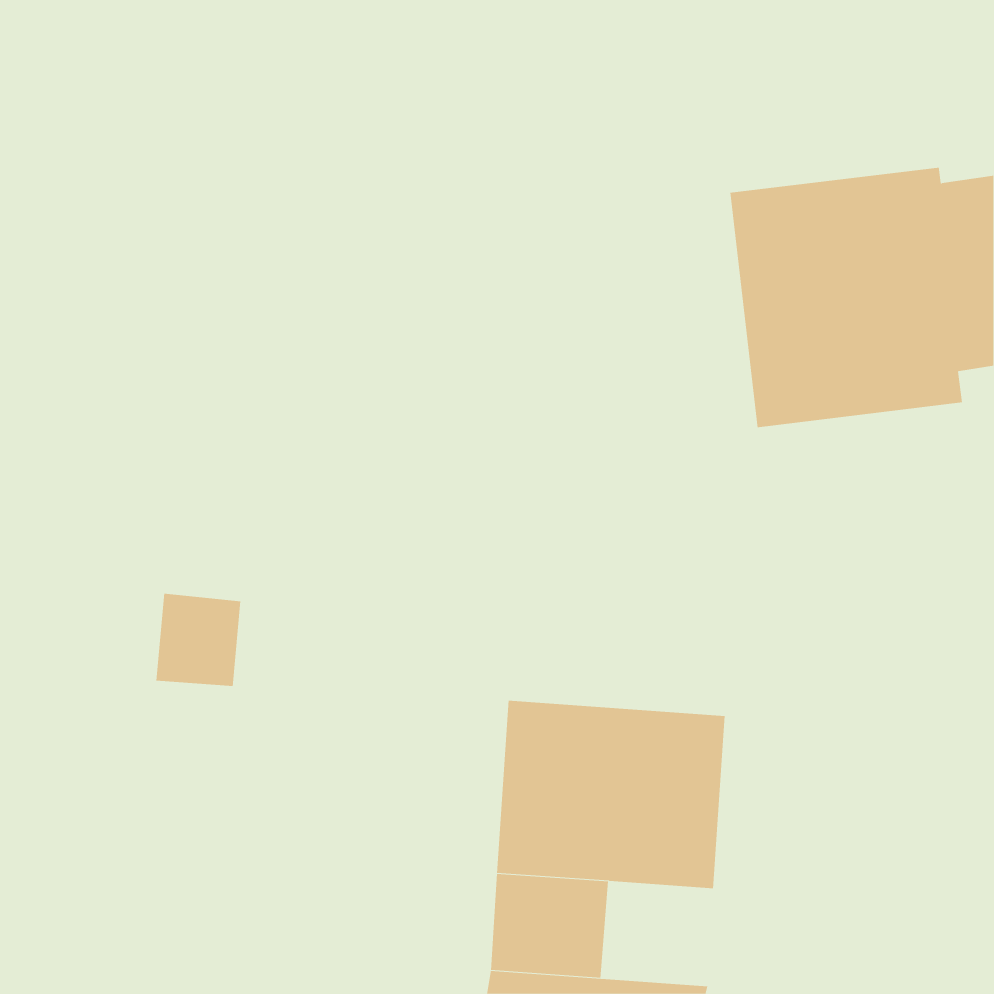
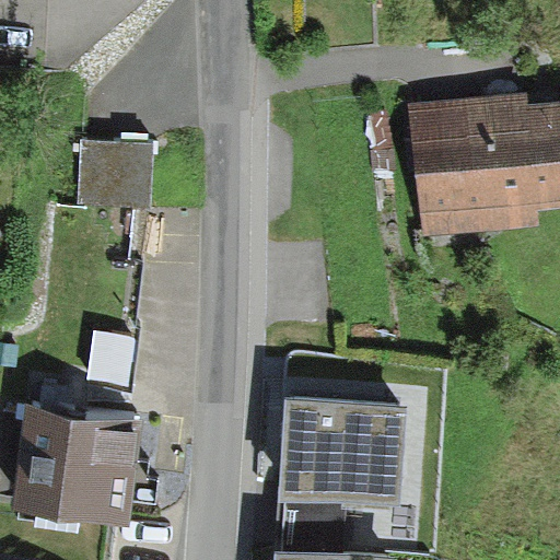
building: none -> [79,139,156,210]
building: none -> [8,400,138,520]

